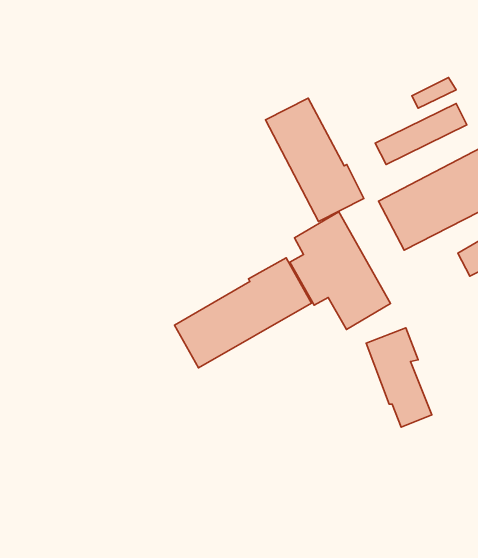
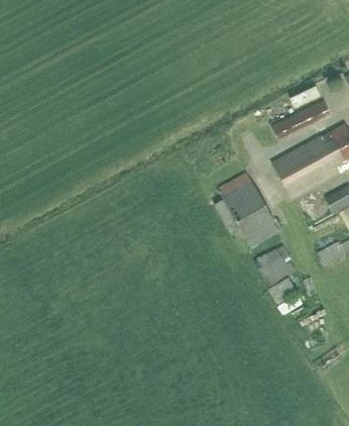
building: [266,98,364,222] -> none
building: [175,258,312,368] -> none

